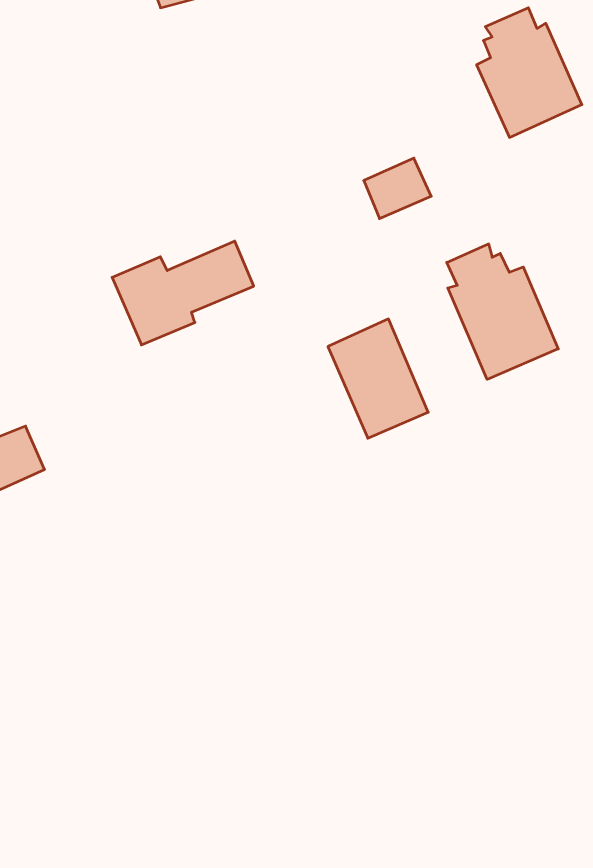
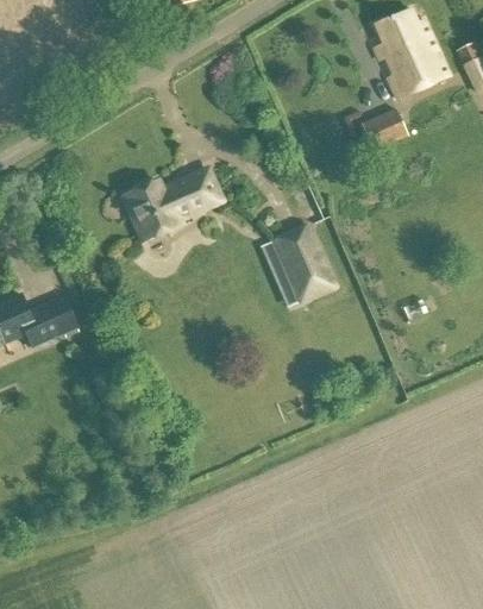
building: [364,158,431,219] -> [359,108,406,150]
building: [447,244,558,379] -> none

